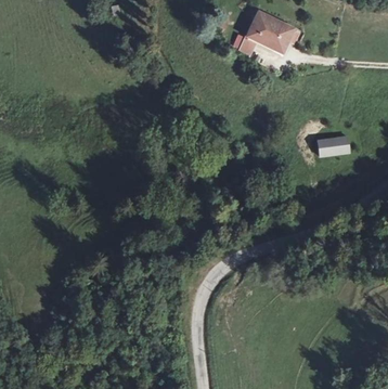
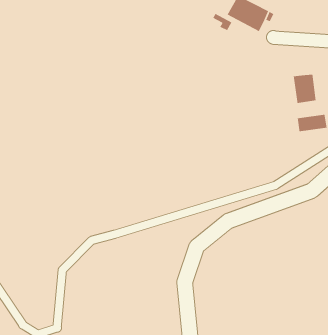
building: none -> [293,74,317,104]

